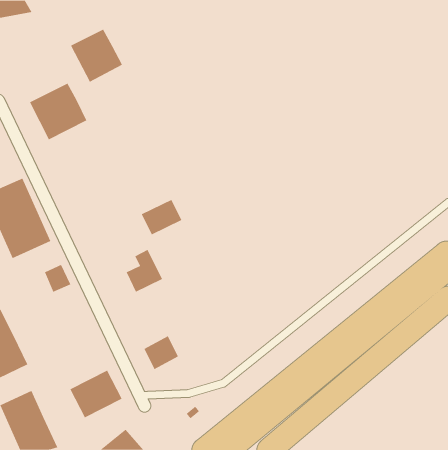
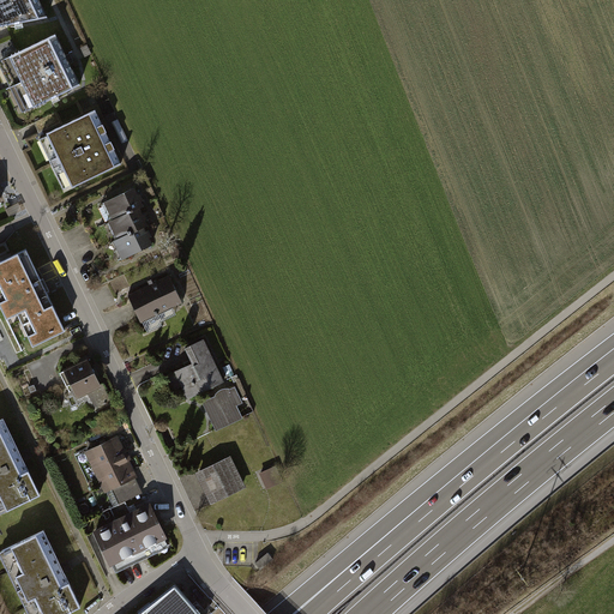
building: [70,29,123,83] -> [6,36,78,109]
building: none -> [103,188,146,263]
building: [141,199,182,235] -> [125,272,181,321]
building: none -> [200,386,241,429]
building: none -> [83,435,142,502]

